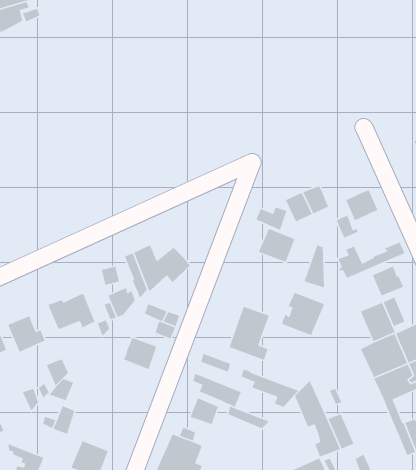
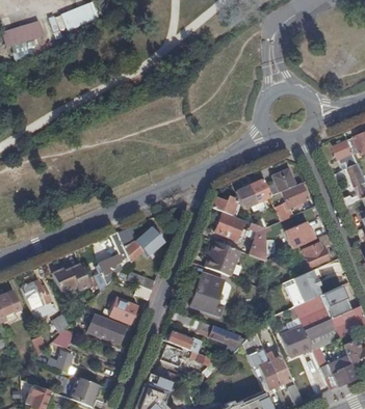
building: none -> [265,168,295,196]
building: [281,292,325,336] -> [206,241,240,275]
building: none -> [86,312,125,344]
building: none -> [281,326,312,356]

